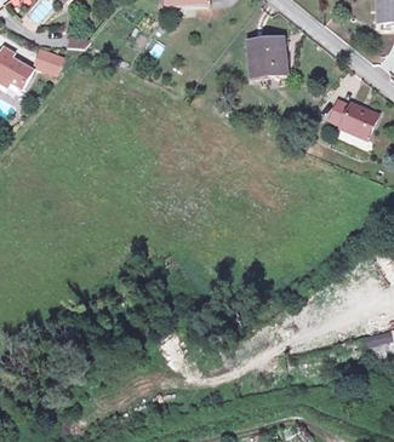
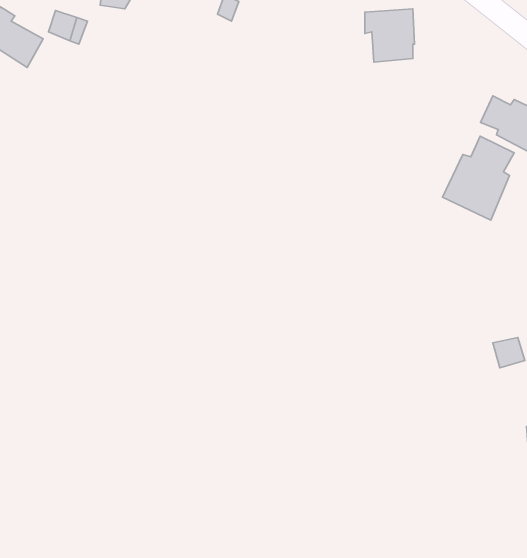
building: none -> [443,136,514,220]

